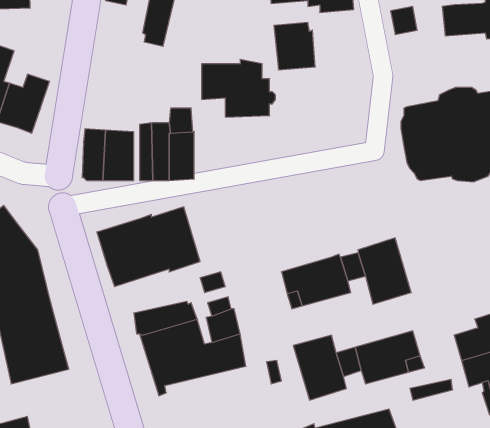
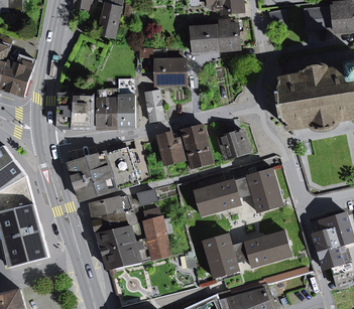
building: none -> [215,19,239,50]
building: none -> [144,90,163,121]
building: none -> [181,125,212,167]
building: none -> [218,127,248,159]
building: none -> [156,131,183,163]
building: none -> [90,195,132,218]

